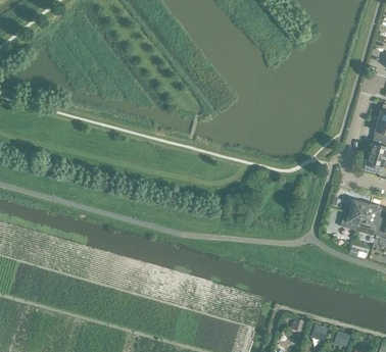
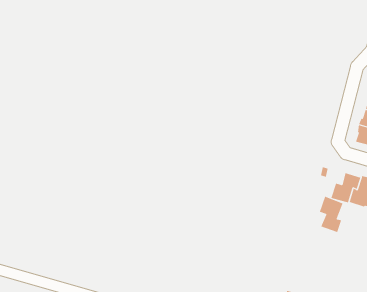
building: none -> [319,196,344,233]

